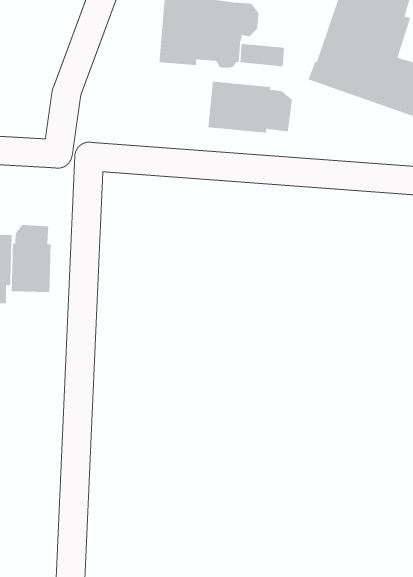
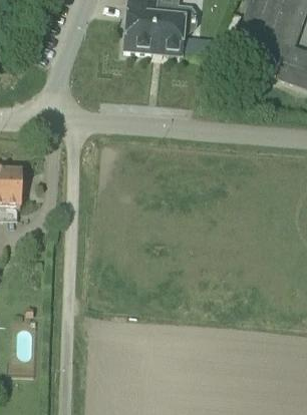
building: [208,81,293,133] -> none
building: [11,224,52,293] -> none

